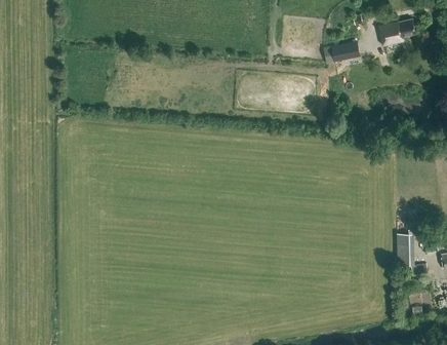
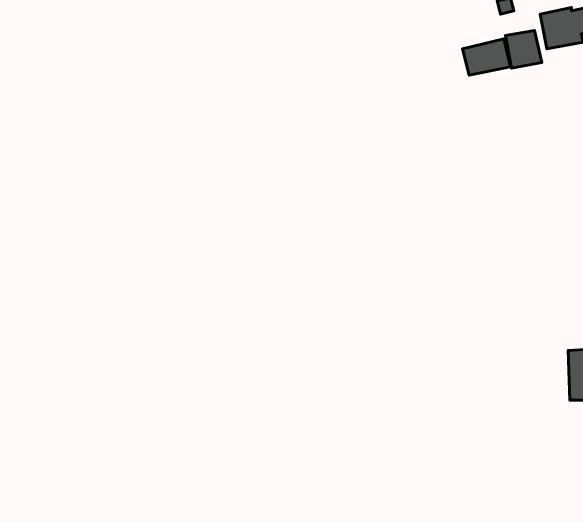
building: none -> [506,30,542,68]

